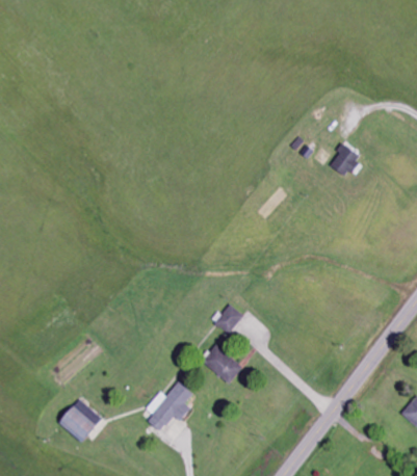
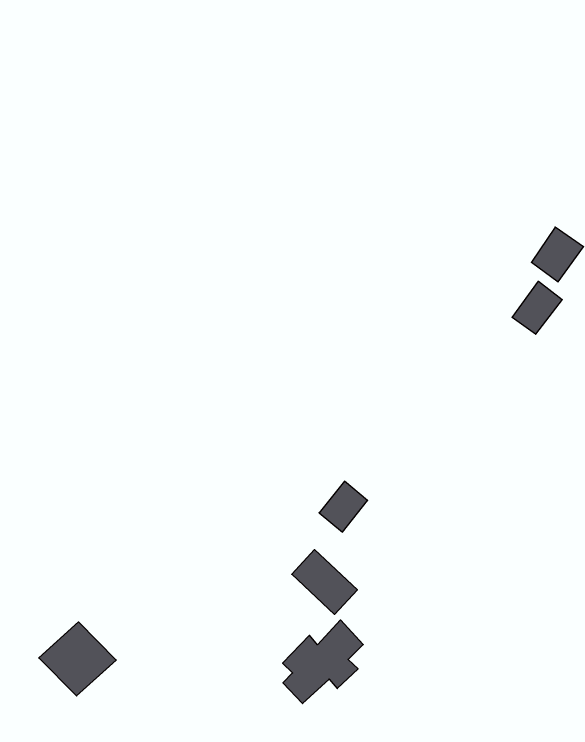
building: none -> [512,281,562,334]
building: [146,380,192,431] -> [283,620,363,704]

